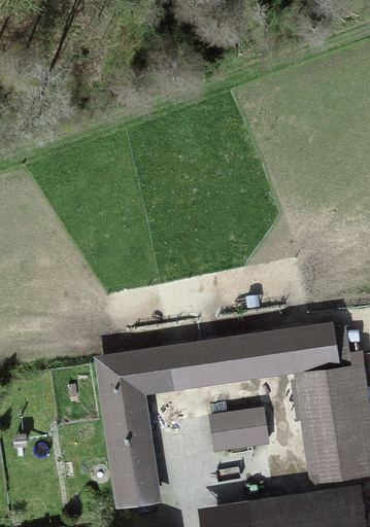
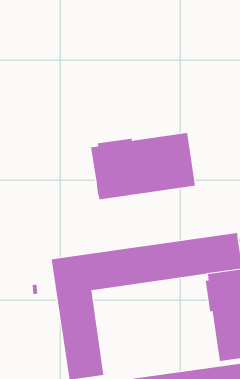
building: none -> [91,132,195,200]
building: [209,409,269,454] -> none

